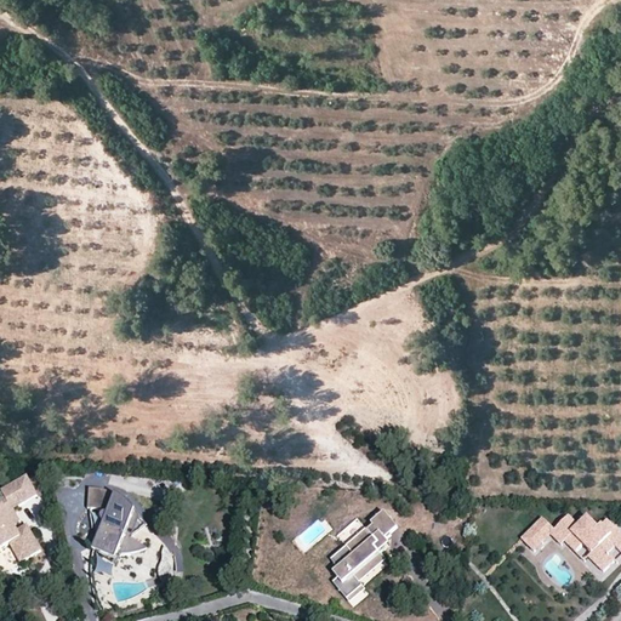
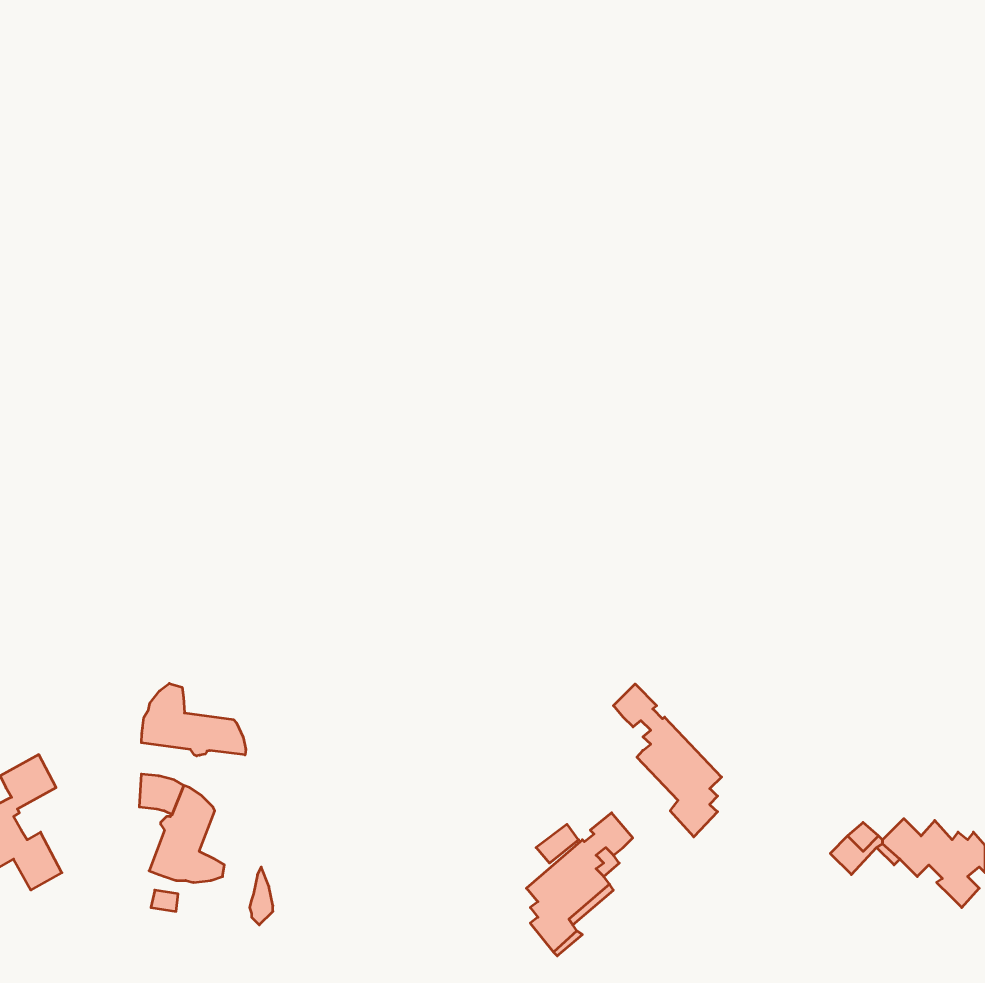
building: none -> [141,683,246,756]
building: none -> [613,684,722,837]

